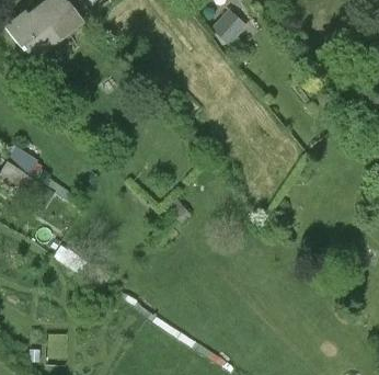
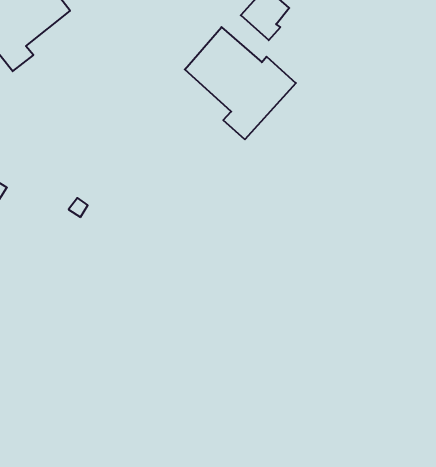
building: none -> [185,27,296,139]

